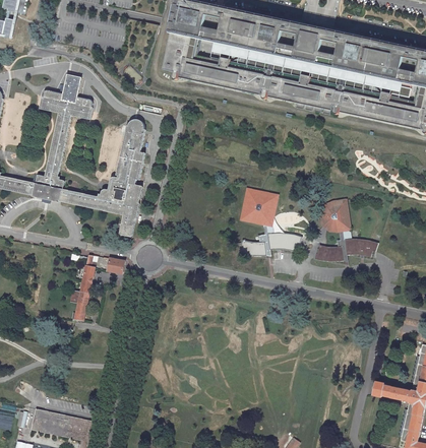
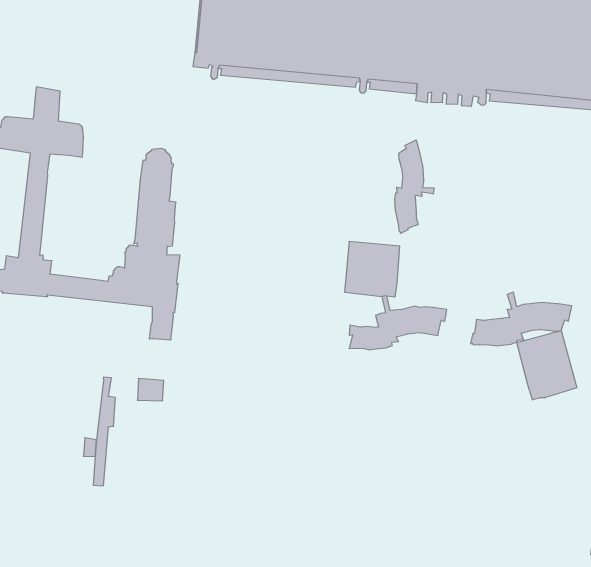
building: none -> [395,140,434,233]
building: [320,198,351,231] -> none
building: none -> [517,330,577,400]

